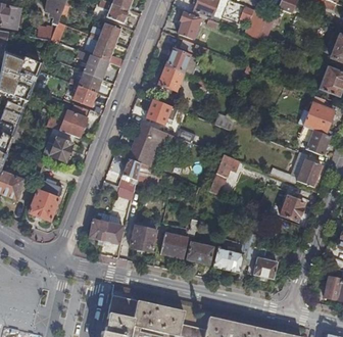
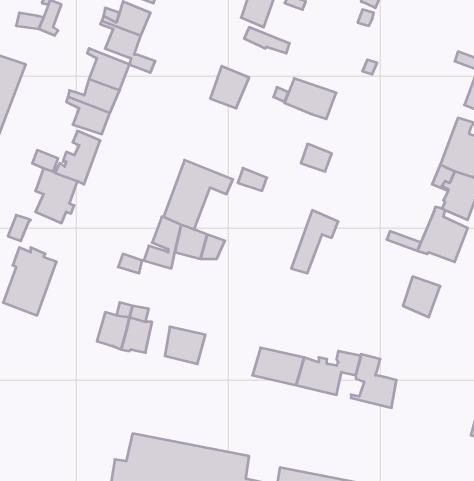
building: [166,48,199,74] -> [284,78,336,119]
building: [146,99,177,124] -> none
building: [160,227,190,258] -> none

